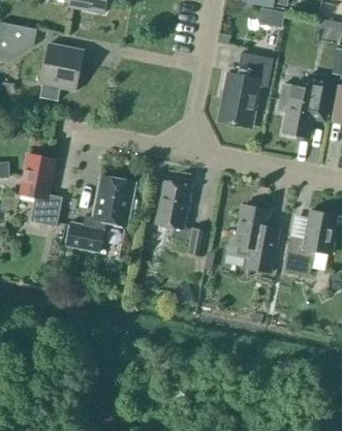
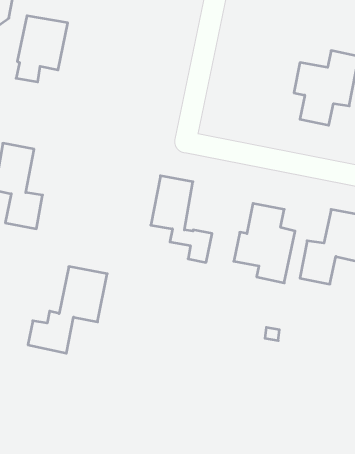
building: [219,52,273,126] -> none
building: [66,177,134,251] -> [28,267,107,353]

